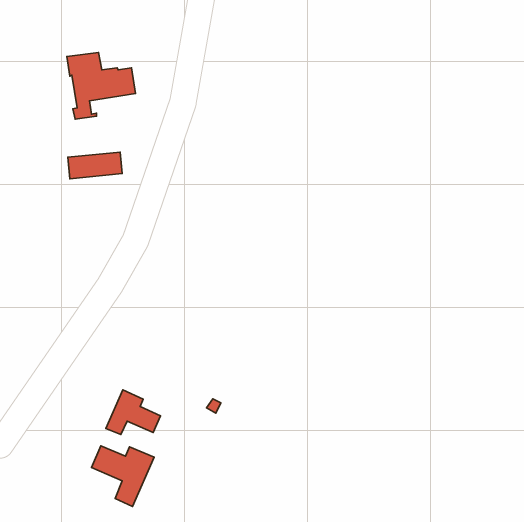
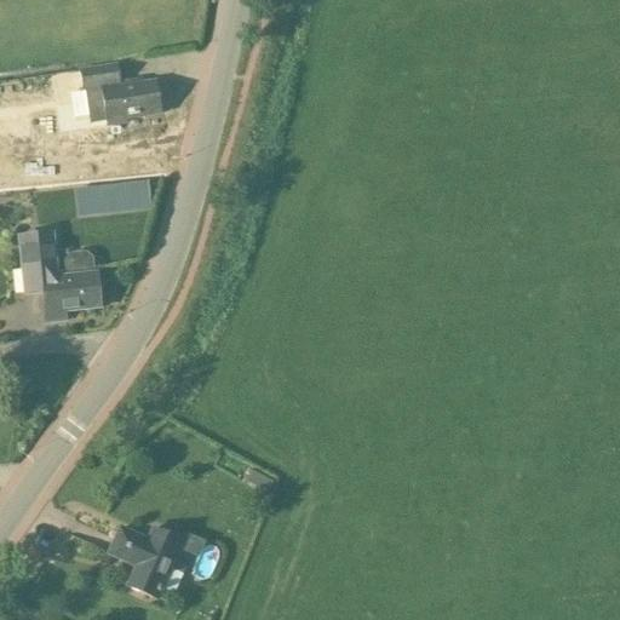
building: none -> [19,231,102,321]
building: [106,390,161,435] -> none

